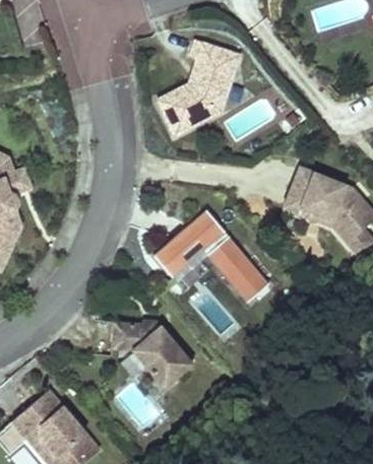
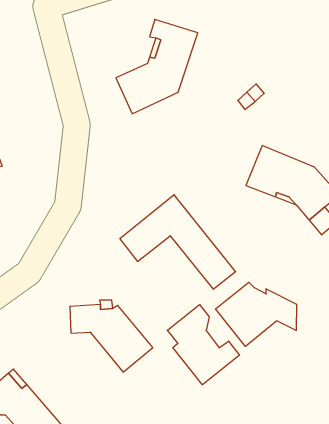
building: none -> [216,282,297,346]
building: none -> [167,305,240,385]

